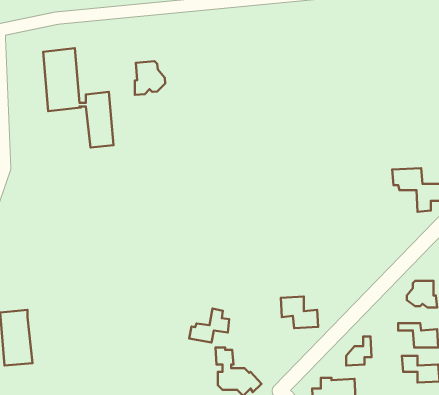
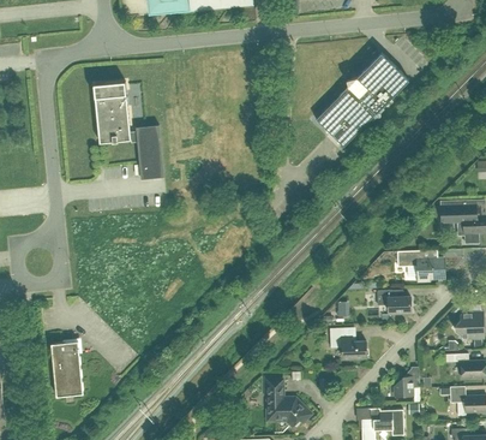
building: none -> [314,52,408,147]
building: [135,61,165,95] -> none
building: none -> [396,250,444,281]
building: none -> [376,290,410,313]
building: [189,308,229,343] -> none

